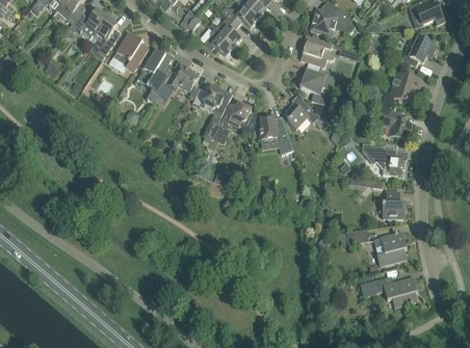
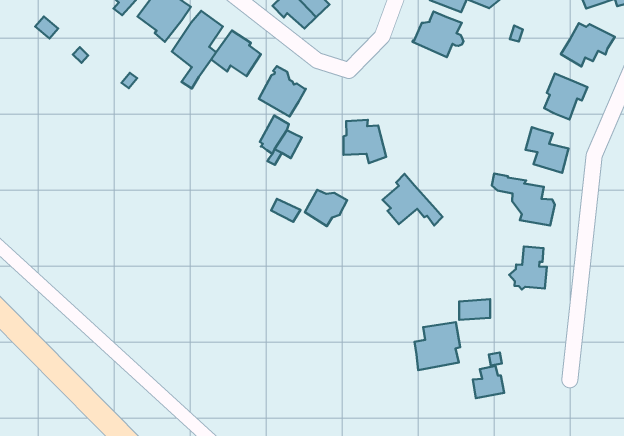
building: [299,69,335,104] -> none
building: [283,93,324,128] -> [382,174,443,226]
building: [221,103,250,127] -> [305,190,347,226]
building: [374,231,406,265] -> [414,322,460,370]
building: [383,276,417,305] -> none

